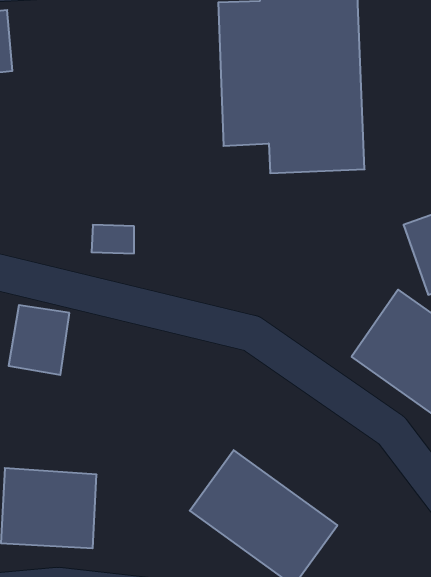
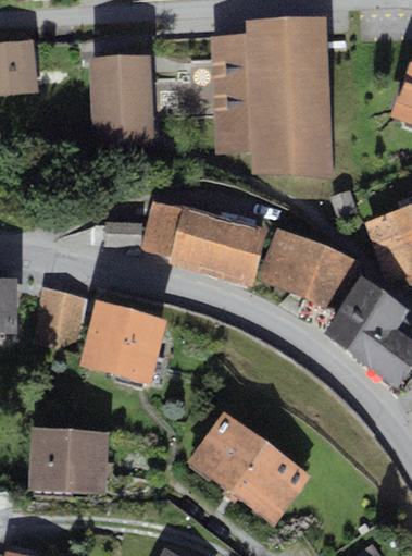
building: none -> [89,54,154,146]
building: none -> [140,200,267,286]
building: none -> [259,230,355,309]
building: none -> [79,300,165,382]

